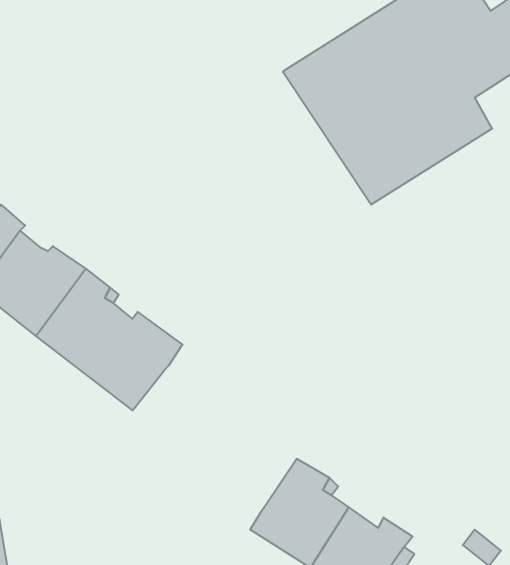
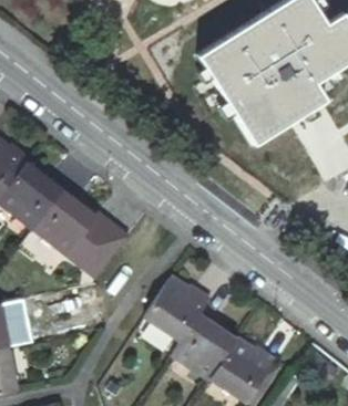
building: none -> [144,279,211,343]

